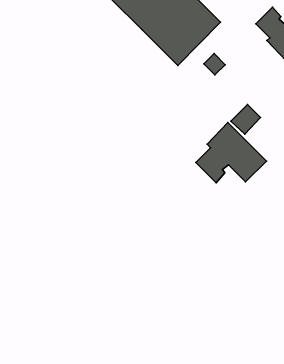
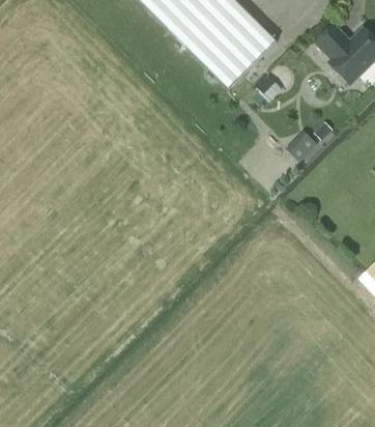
building: [196,123,266,183] -> none

